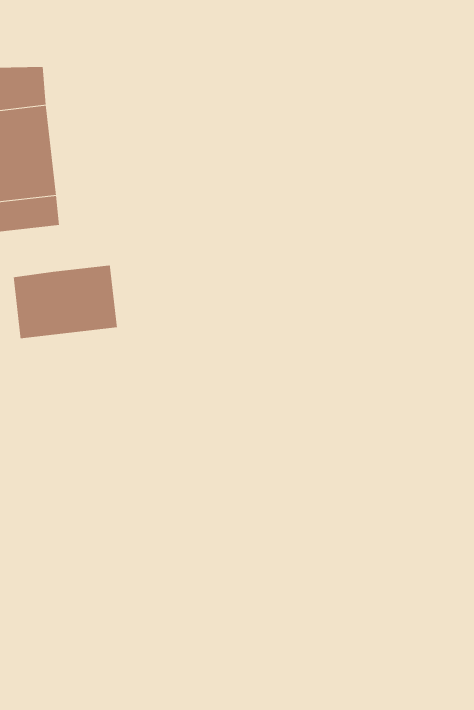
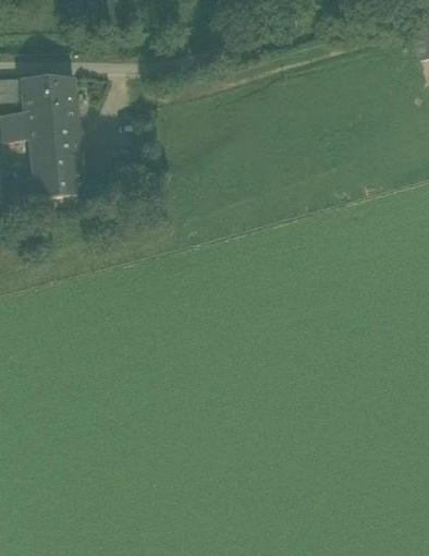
building: [13,264,117,339] -> none

